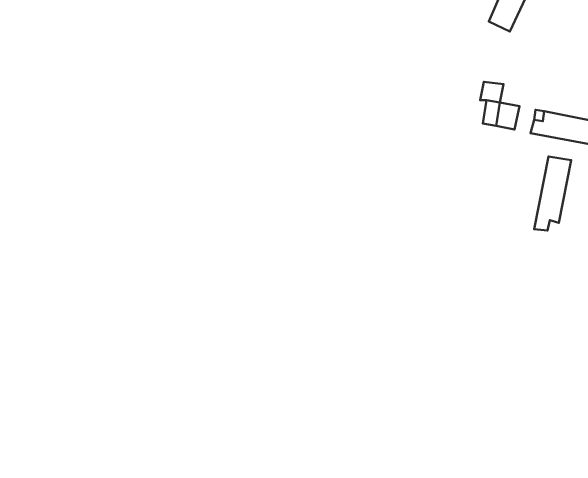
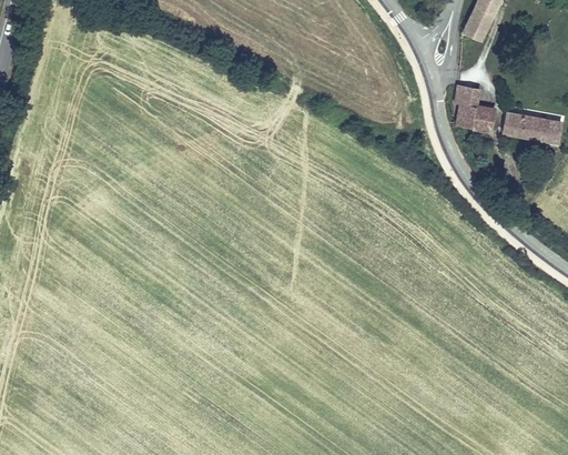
building: [534,156,571,231] -> none

